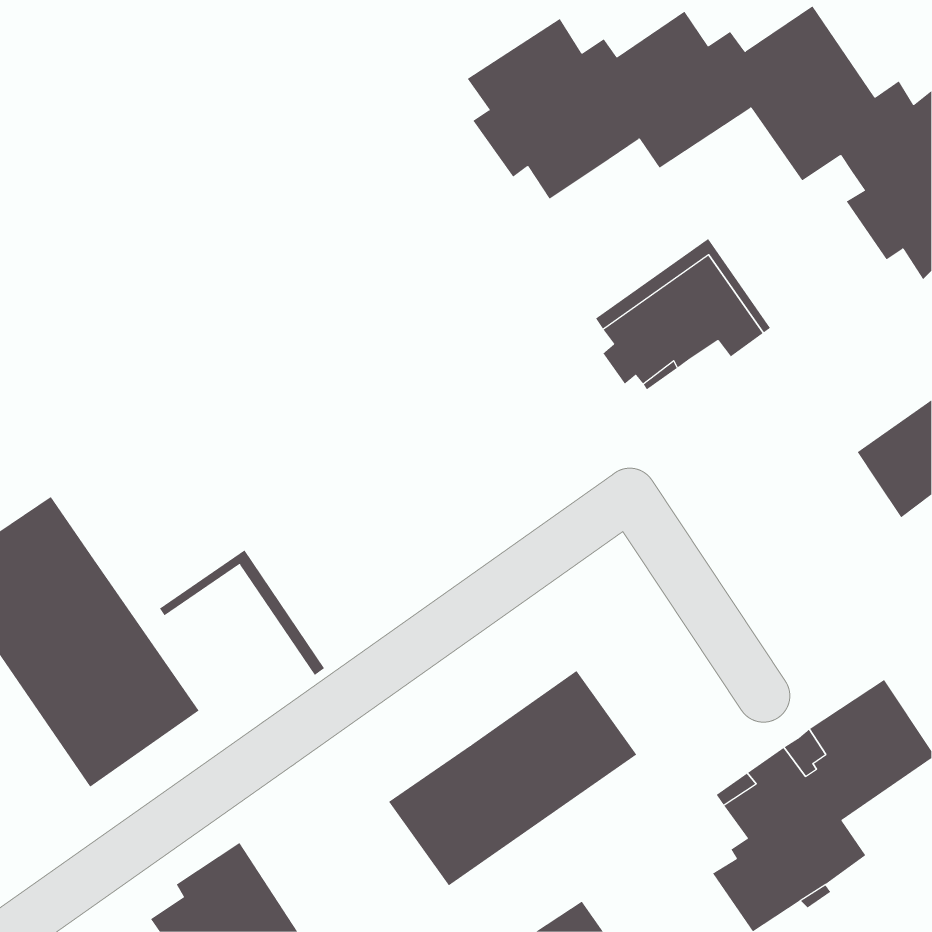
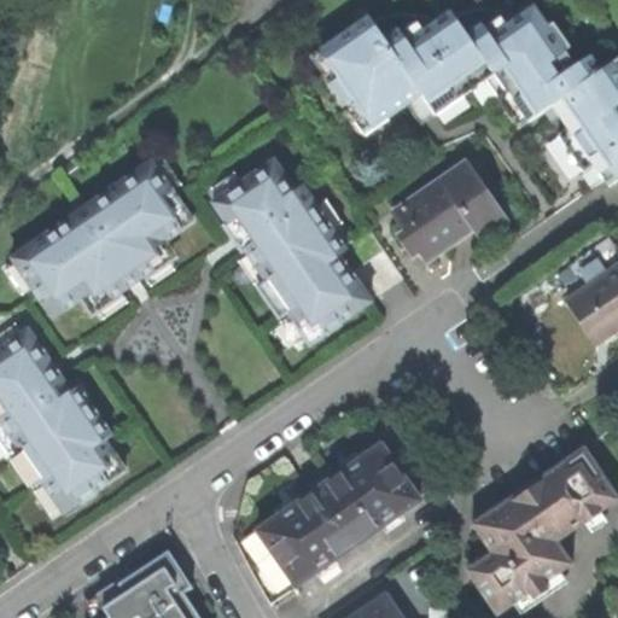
building: none -> [212,154,380,348]
building: none -> [13,157,200,317]
building: [159,550,325,676] -> none

